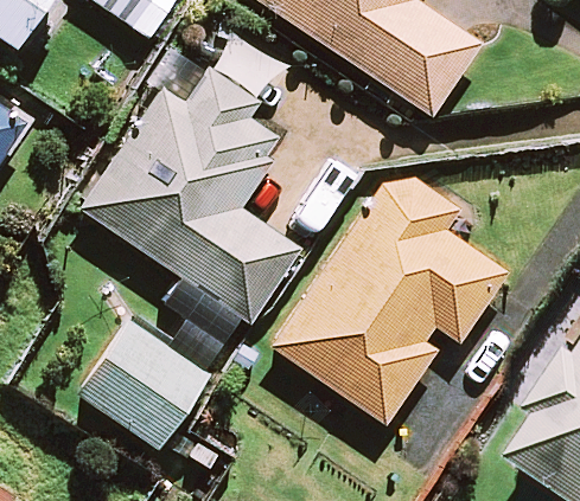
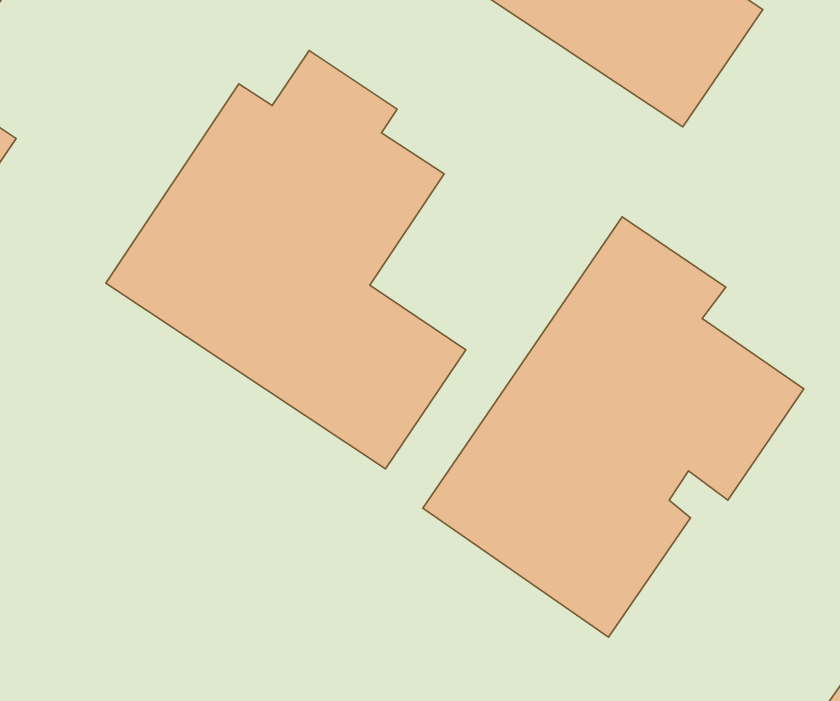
building: [78,319,212,450] -> none

